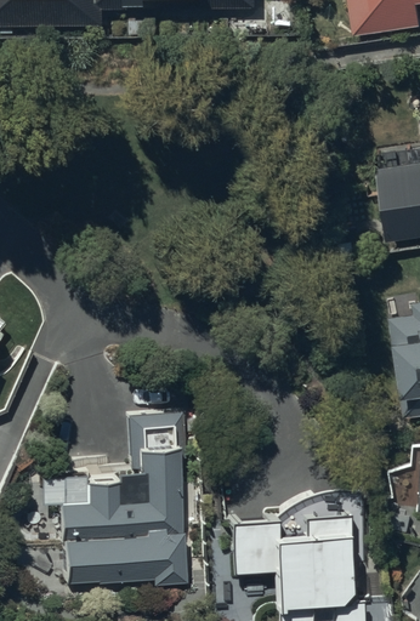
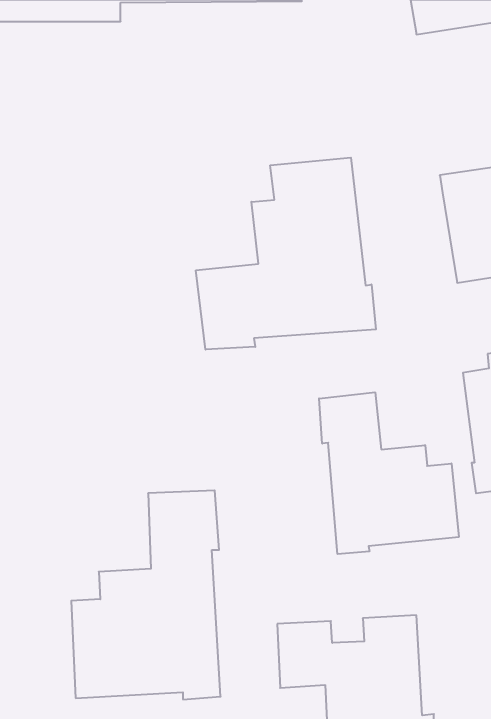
building: none -> [196,158,376,350]
building: none -> [319,392,459,554]

